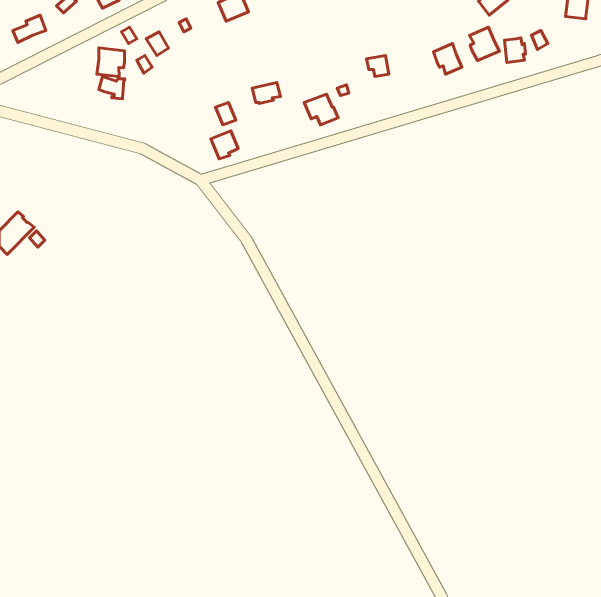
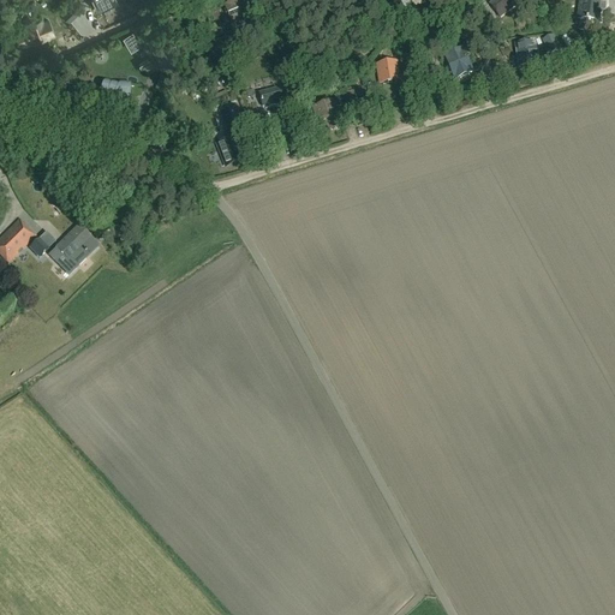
building: [469,27,500,60] -> none
building: [97,48,125,77] -> none
building: none -> [48,222,97,264]

